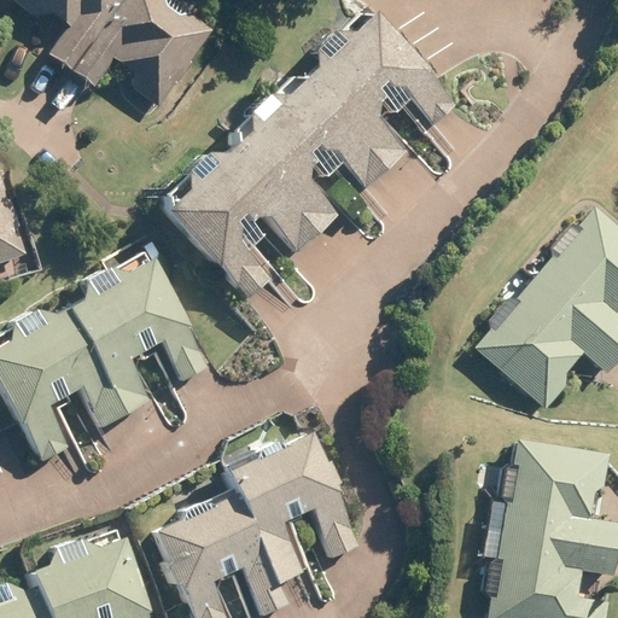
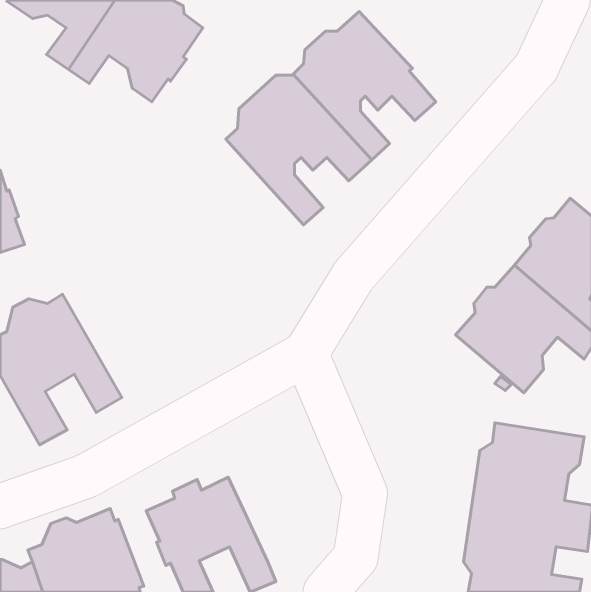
building: [167,145,317,299] -> none
building: [66,260,206,414] -> none
building: [228,435,357,585] -> none

